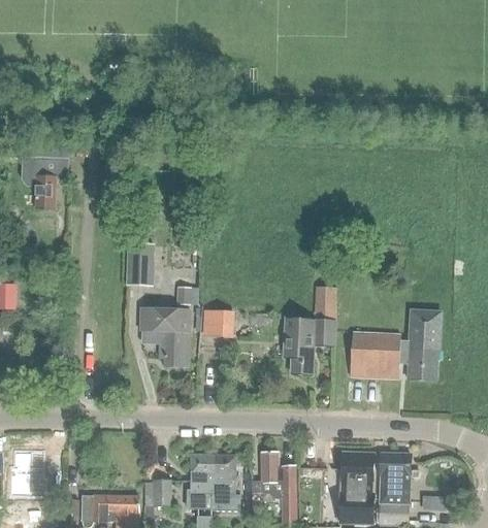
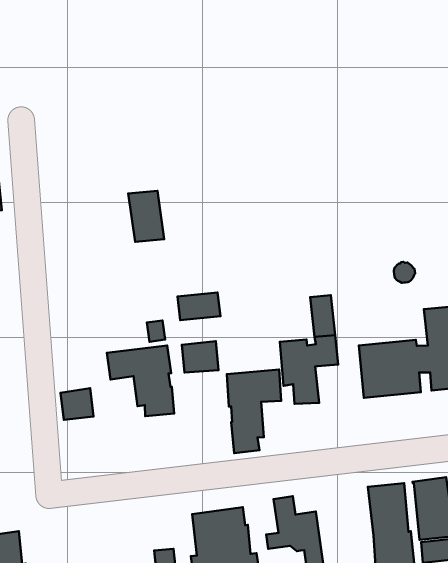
building: [126,244,151,287] -> [128,191,164,242]
building: none -> [177,292,221,320]
building: none -> [60,388,93,420]
building: none -> [227,370,281,453]

